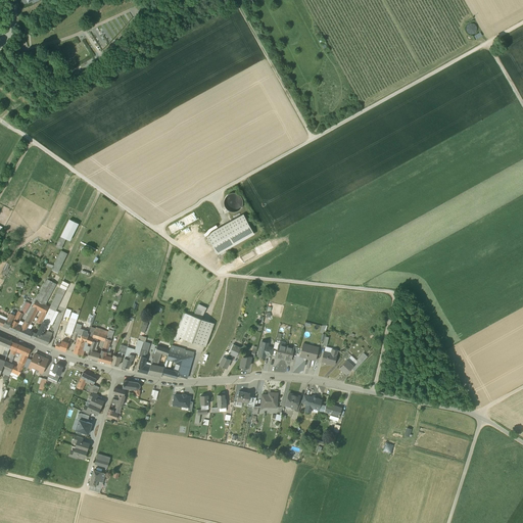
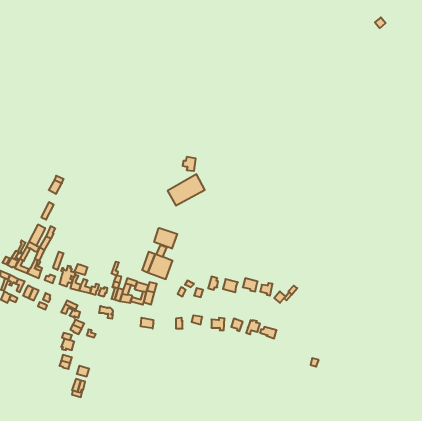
building: none -> [154,228,177,249]

